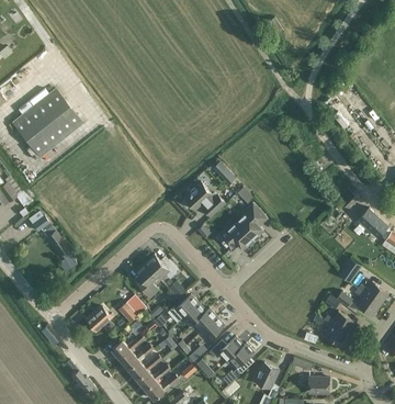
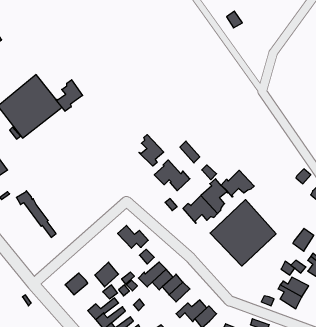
building: none -> [56,80,83,111]
building: none -> [139,135,164,166]
building: none -> [221,170,254,197]
building: none -> [210,200,276,266]
building: [136,263,160,298] -> none

